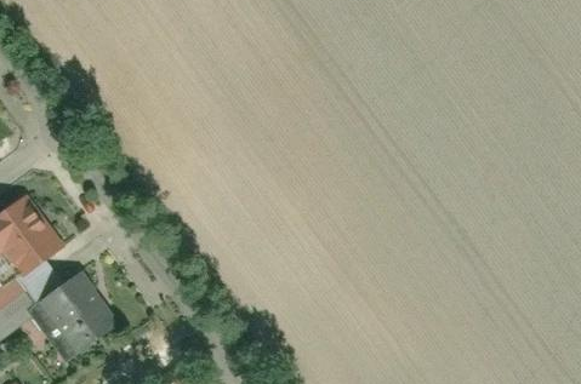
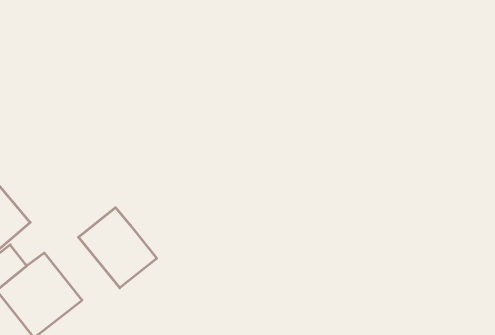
building: none -> [78,208,157,288]

